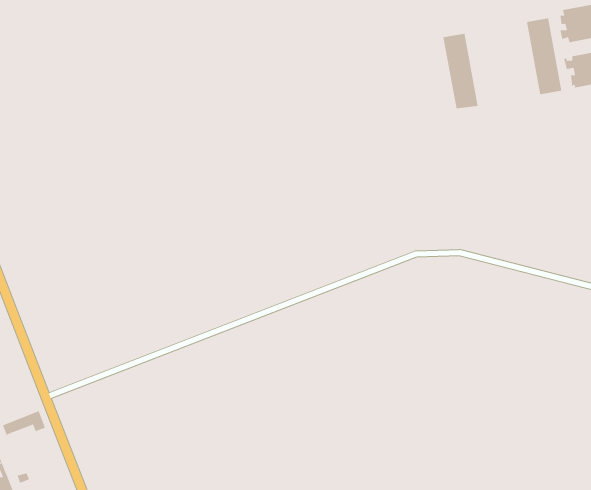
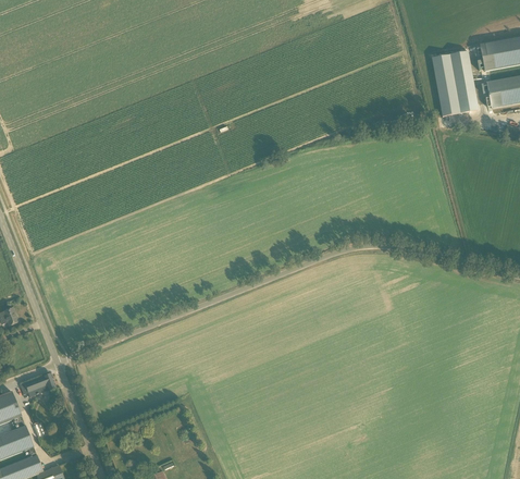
building: [443,33,478,109] -> [432,53,461,115]

